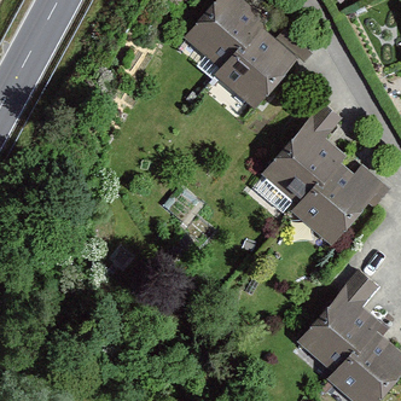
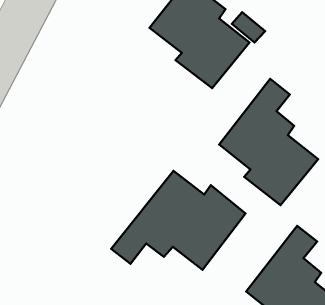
building: none -> [111,171,246,270]

